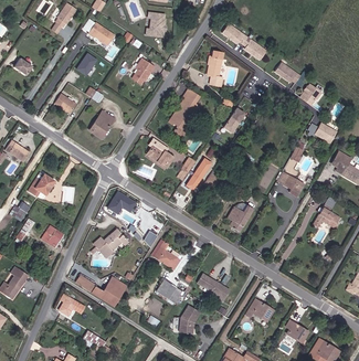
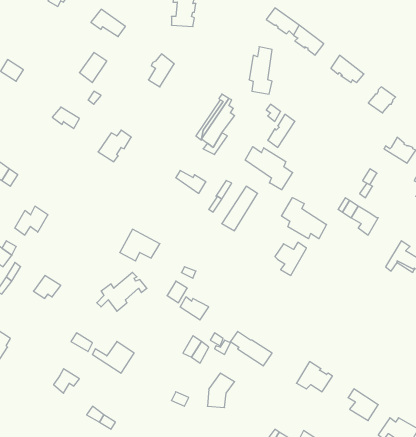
building: none -> [245,147,293,190]
building: none -> [282,198,327,239]

